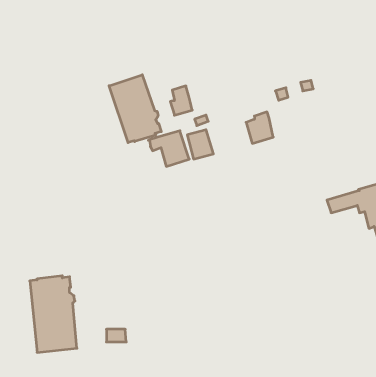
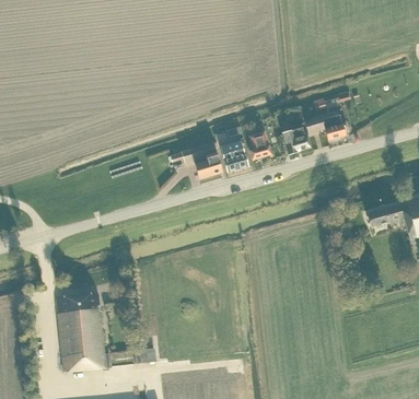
building: [109,75,161,143] -> none
building: [170,86,192,115] -> [247,128,270,159]
building: none -> [304,114,347,139]

